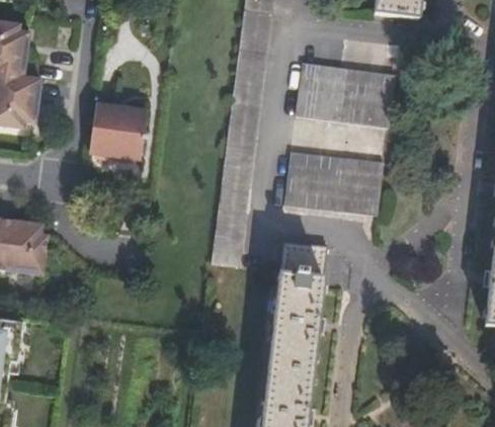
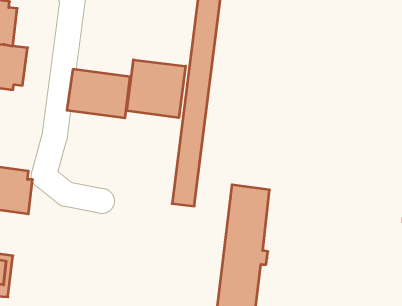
building: [295,63,394,129] -> none
building: none -> [127,60,186,118]
building: [282,151,384,216] -> none

